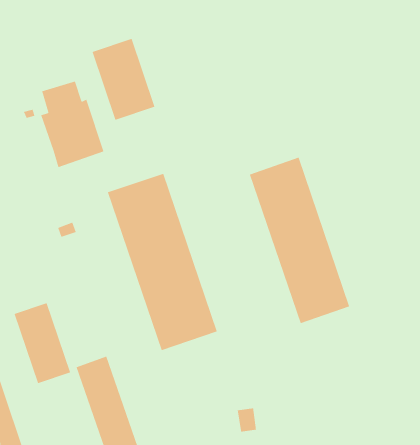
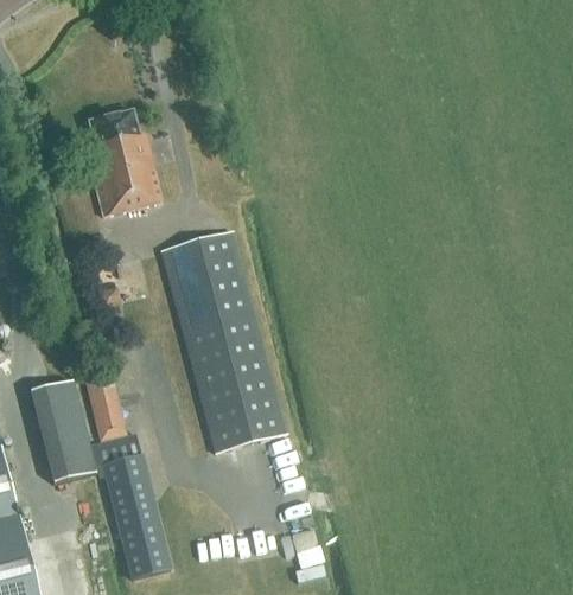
building: [92,38,155,121] -> none
building: [249,157,350,324] -> none
building: none -> [88,377,125,440]

